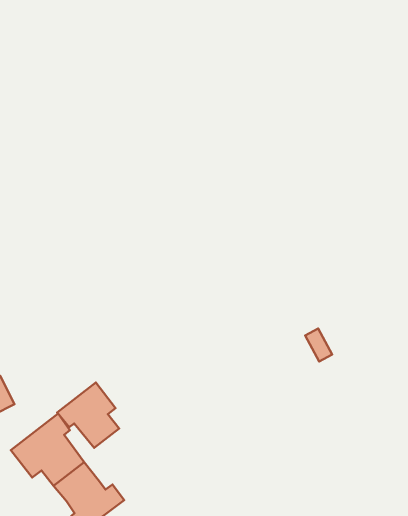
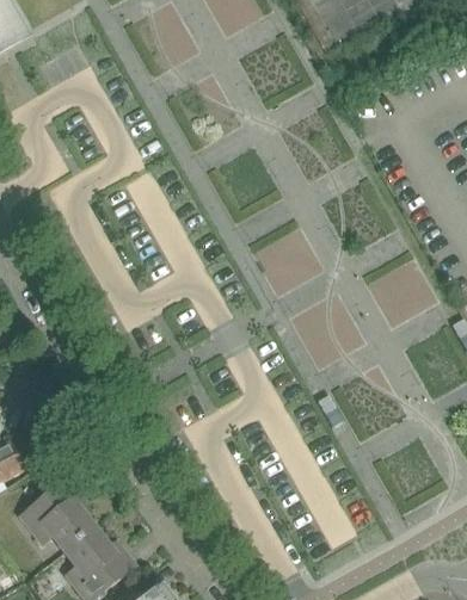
building: [57,383,119,448] -> none

